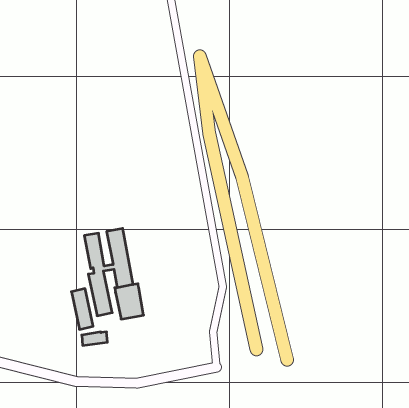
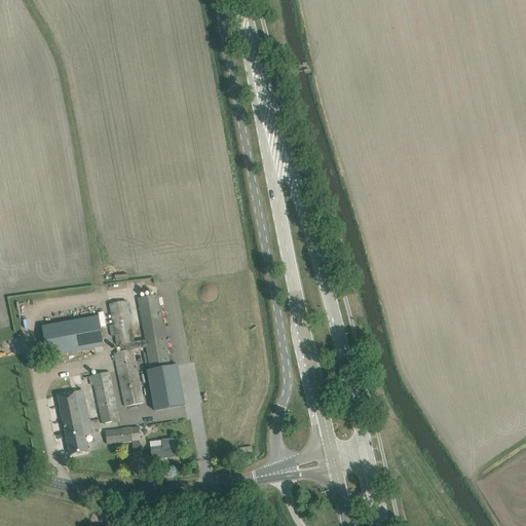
building: none -> [43,314,106,354]
building: none -> [57,387,91,454]
building: none -> [150,438,176,458]

